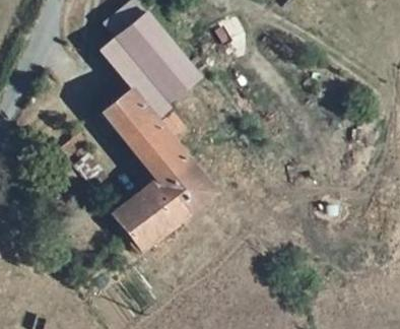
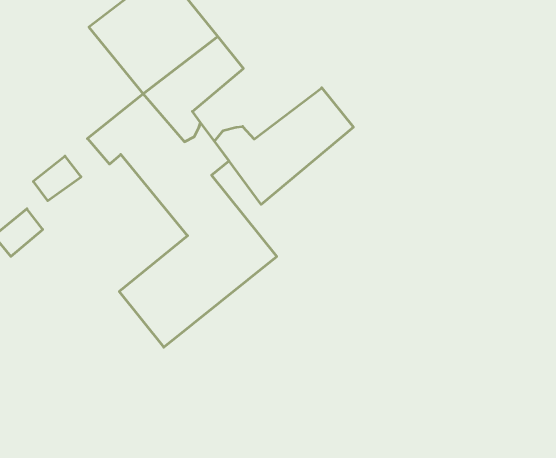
building: none -> [215,88,353,204]

